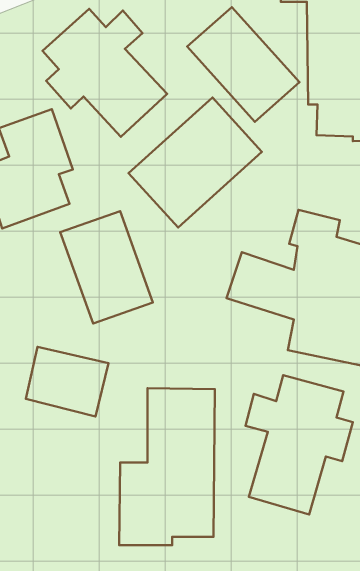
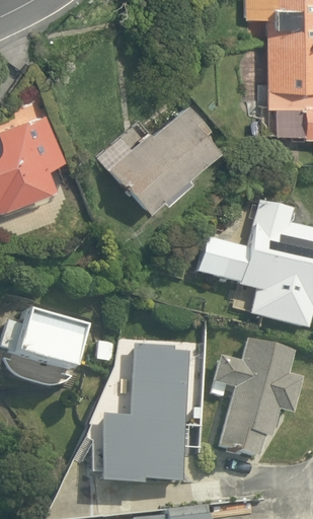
building: [187,7,300,122] -> none
building: [43,9,167,137] -> none
building: [60,211,153,324] -> none

